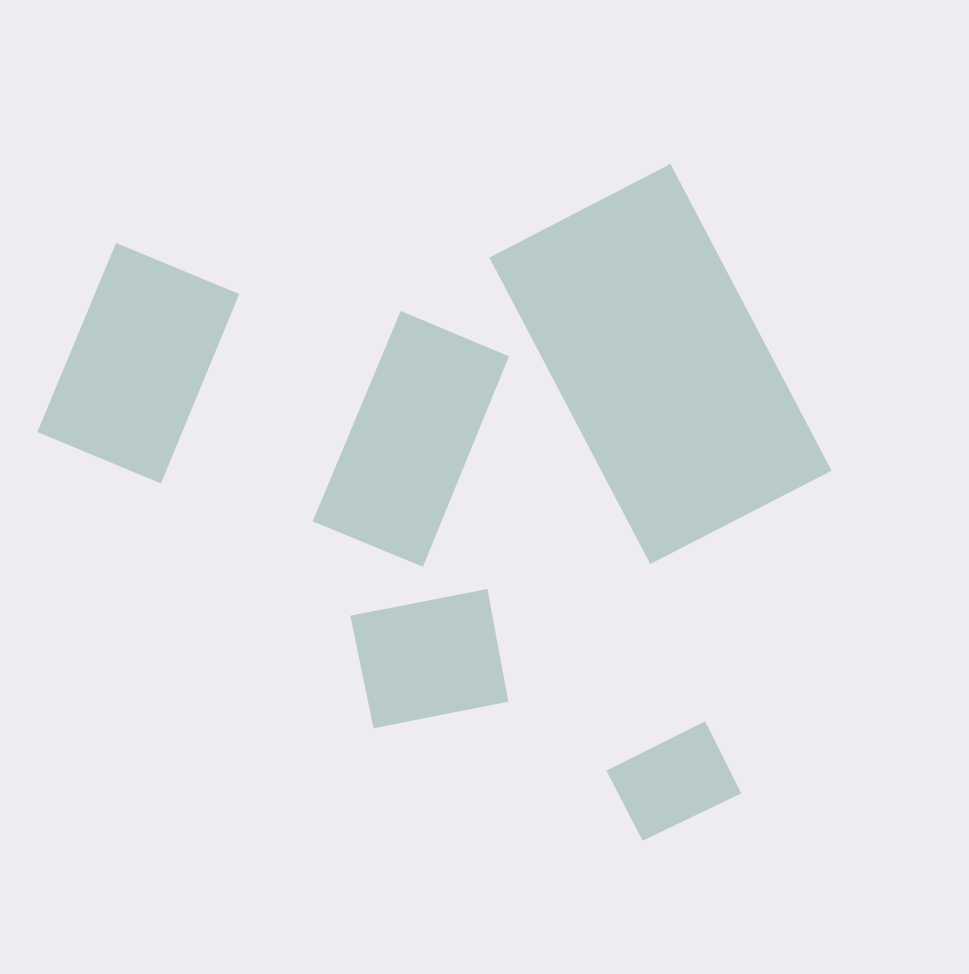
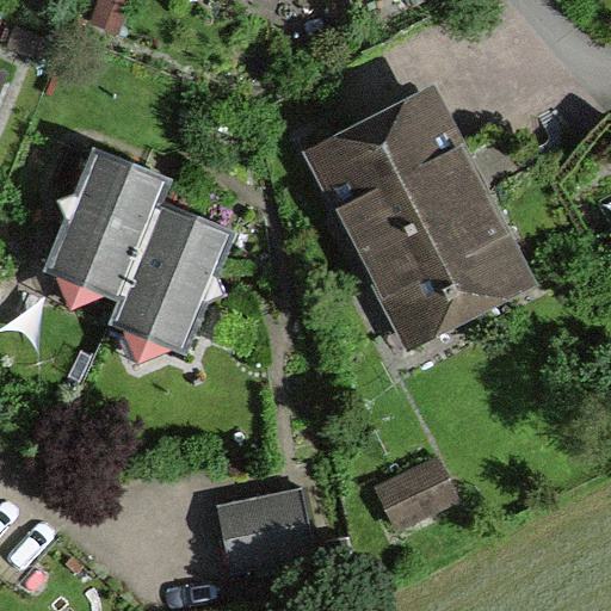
building: [312,310,510,568] -> [106,202,229,362]
building: [350,588,509,729] -> [227,476,326,563]

